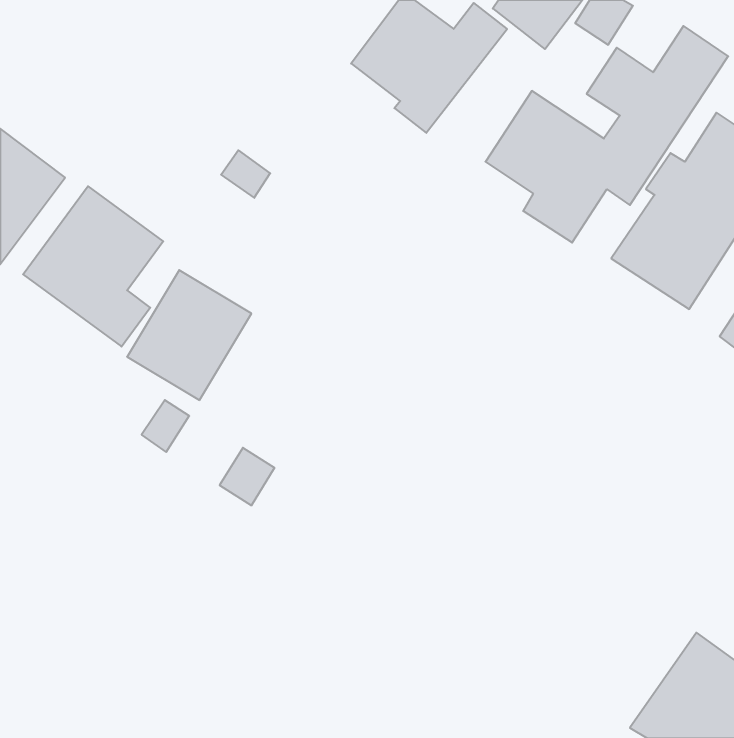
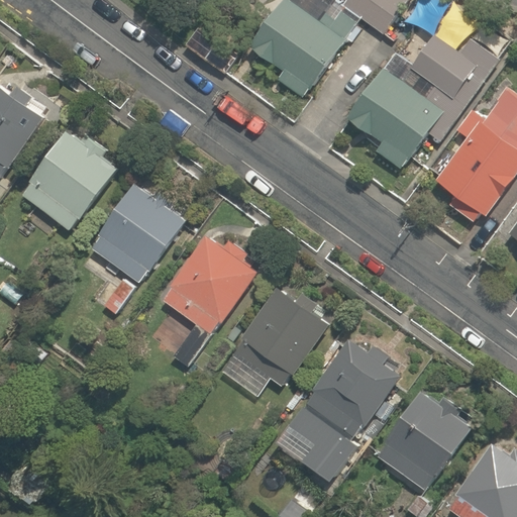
building: none -> [162,232,256,333]
building: none -> [220,289,329,399]
building: none -> [309,337,402,434]
building: none -> [373,387,477,496]
building: none -> [275,405,359,485]

